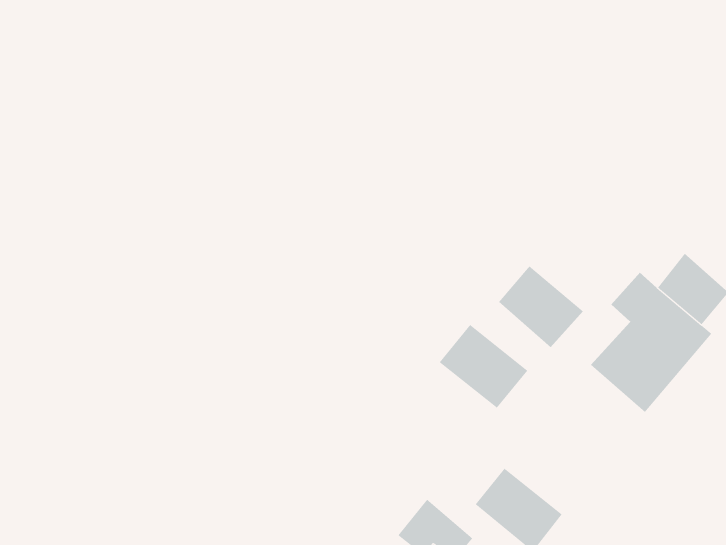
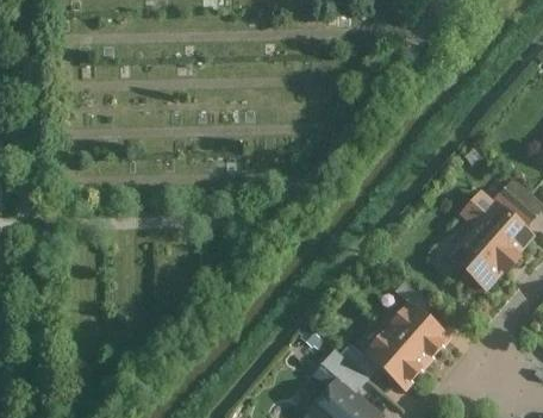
building: [498,265,584,348] -> none
building: [439,324,528,409] -> [387,302,449,361]

